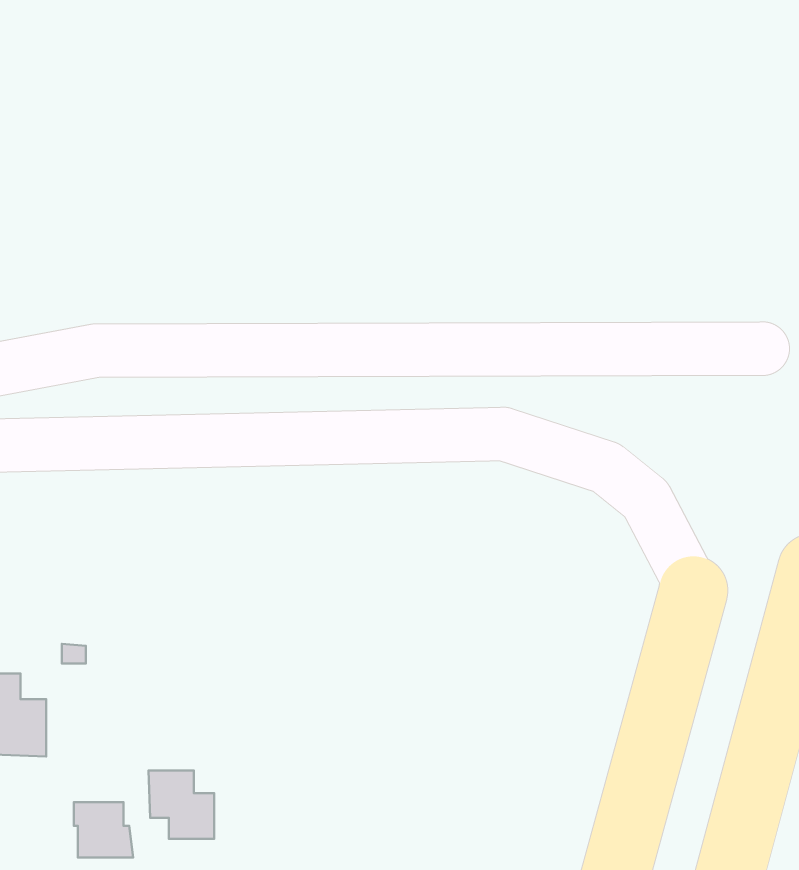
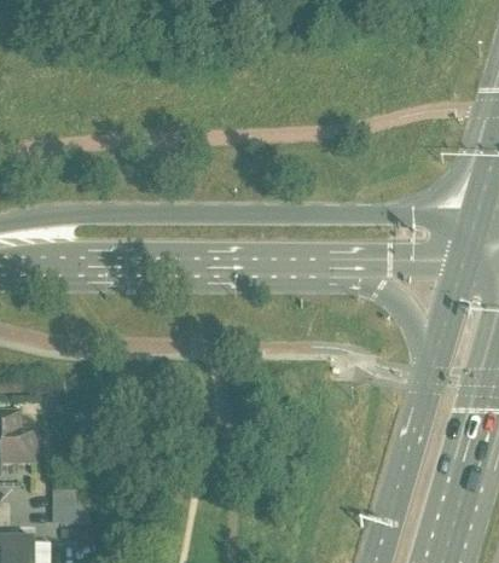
building: [149,770,214,839] -> none

